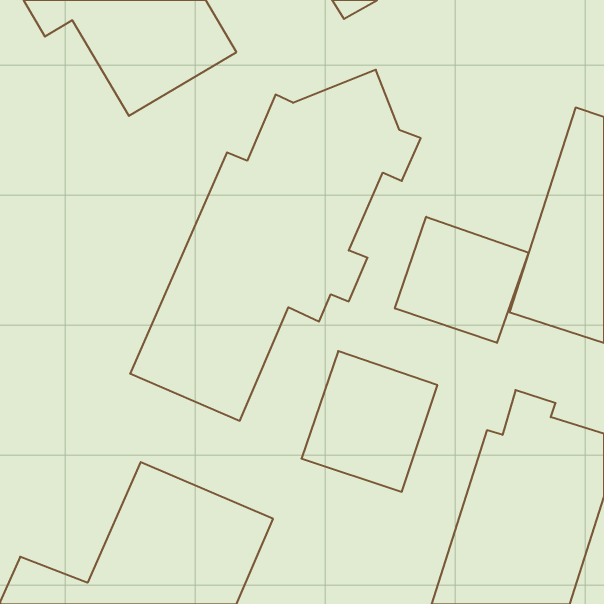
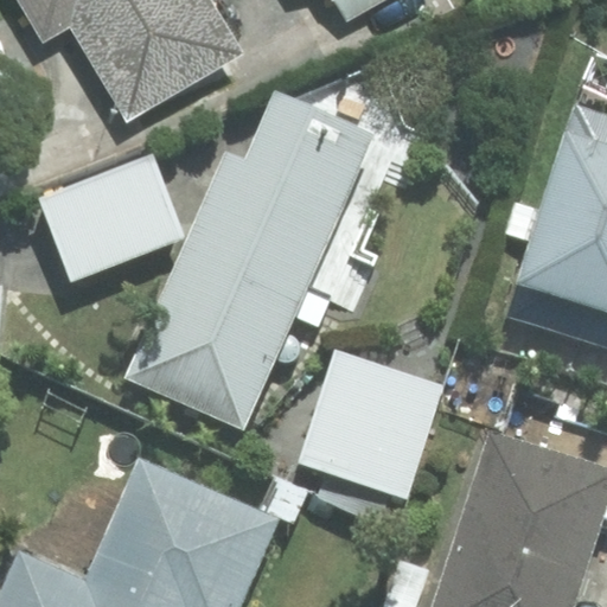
building: none -> [41,159,180,277]
building: [395,217,529,343] -> none

